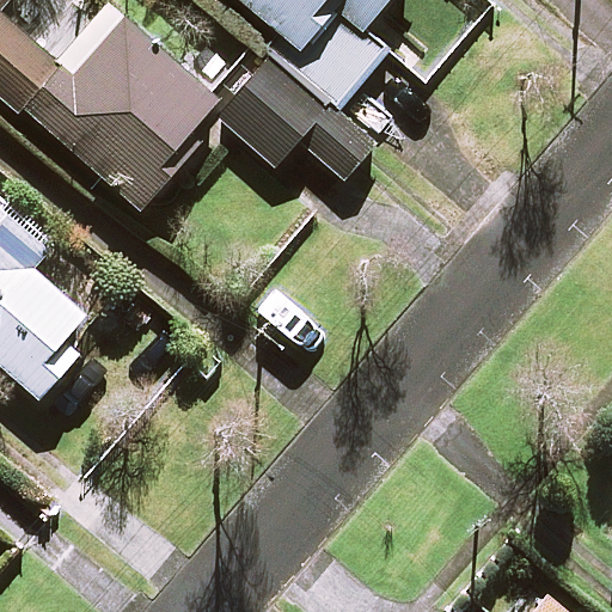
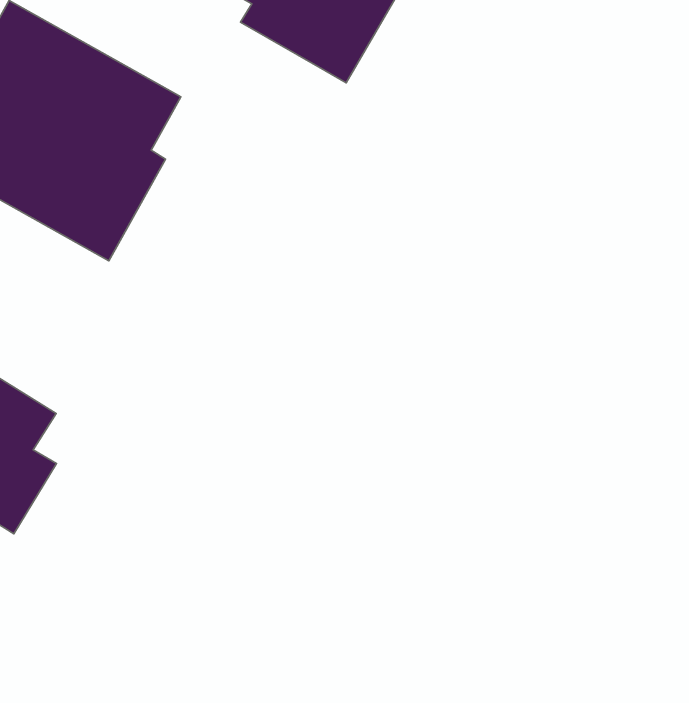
building: [214,54,372,179] -> none

